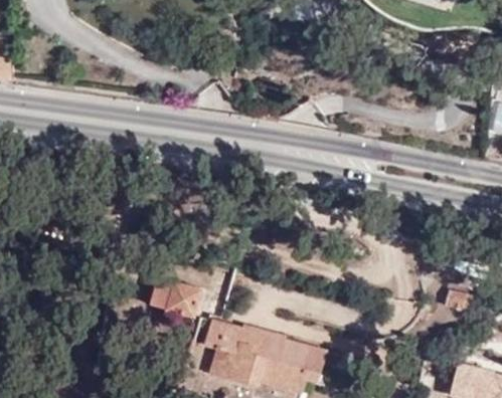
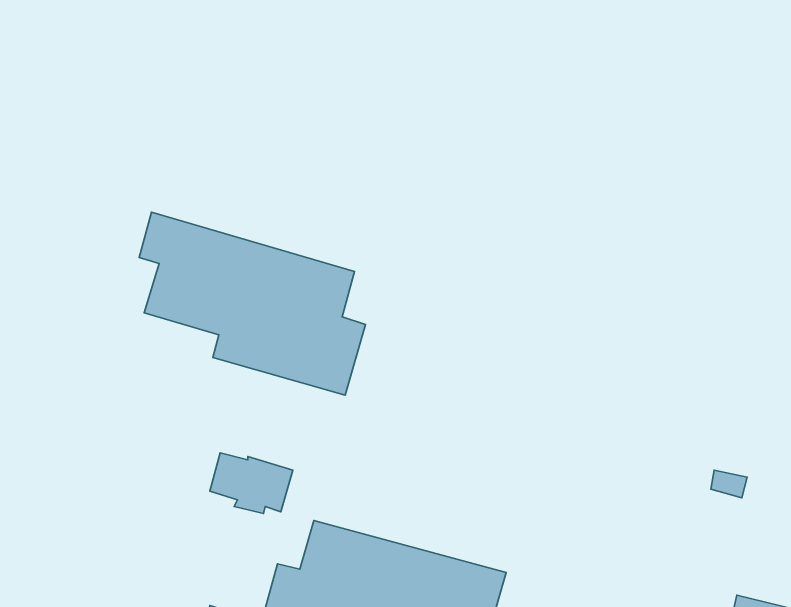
building: none -> [139,212,365,395]

